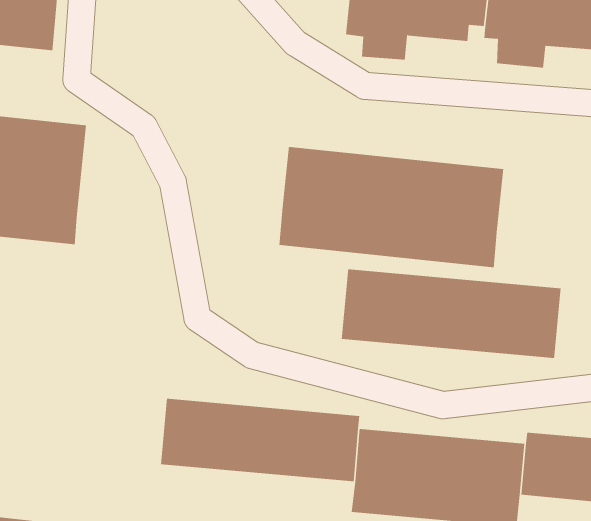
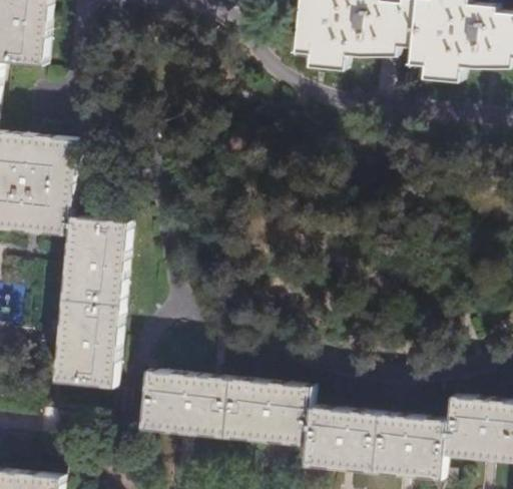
building: [279,146,504,268] -> none
building: none -> [53,213,131,383]
building: [341,269,561,359] -> none

